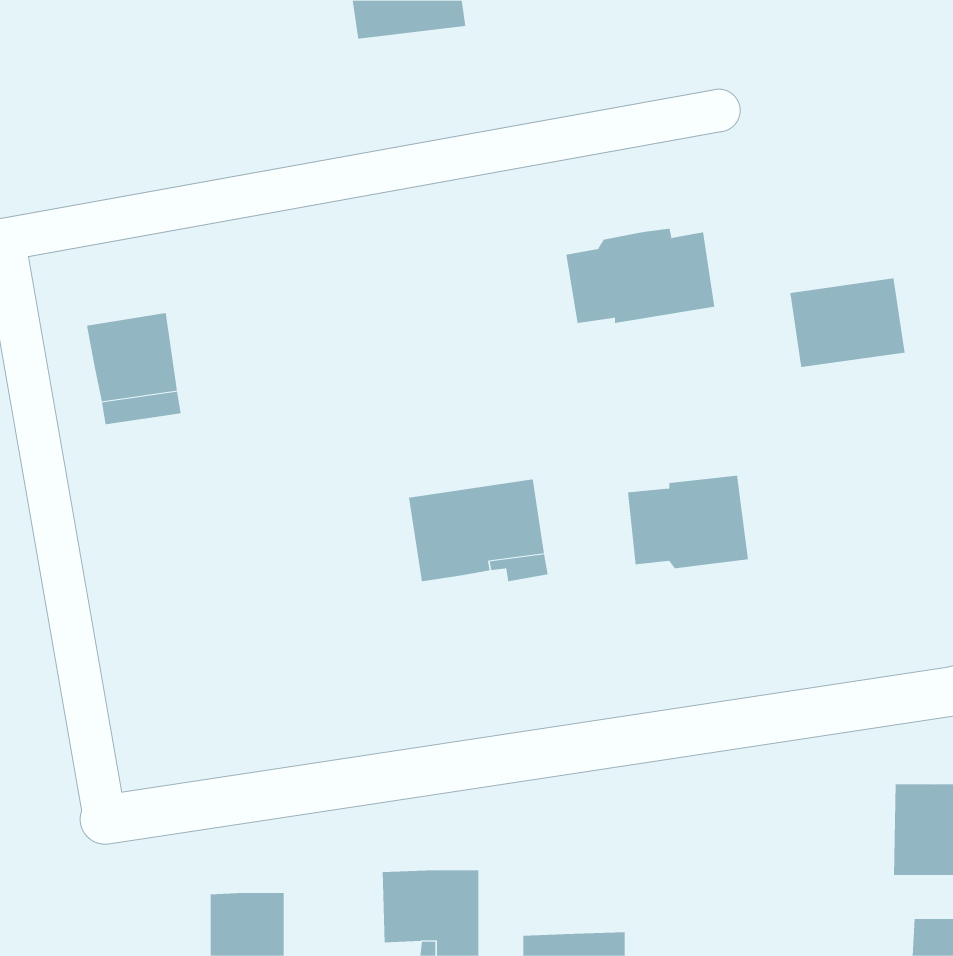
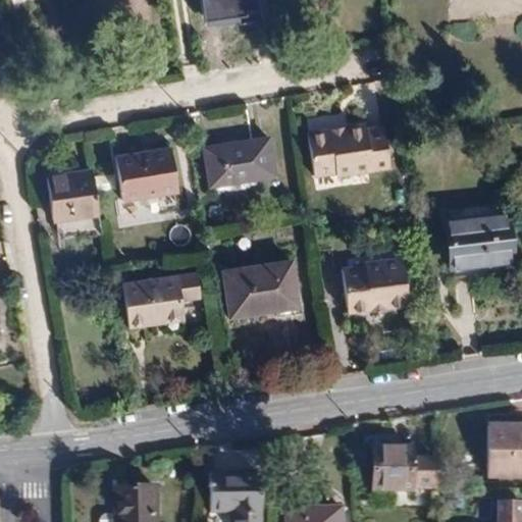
building: none -> [206,138,276,186]
building: none -> [116,148,179,200]
building: [789,278,905,368] -> [449,216,512,265]
building: none -> [123,276,186,327]
building: none -> [373,448,438,491]

